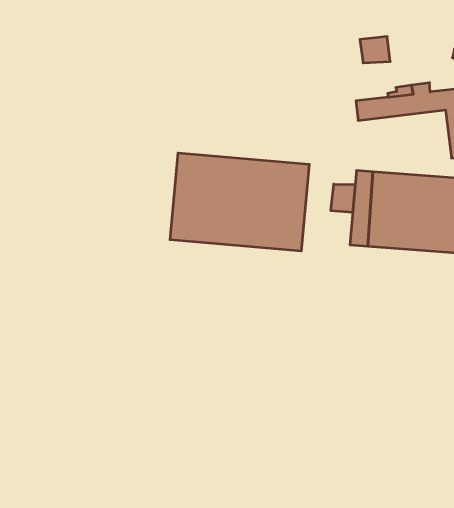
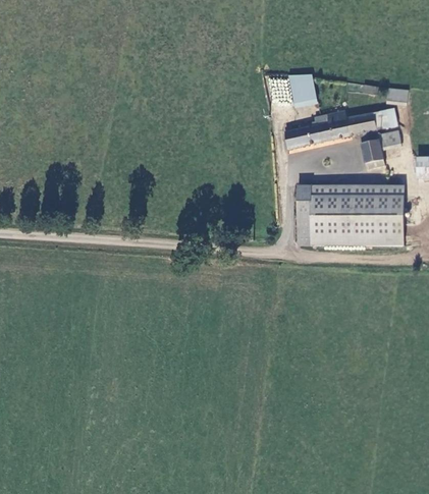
building: [170,153,309,251] -> none
building: [331,184,355,213] -> none

